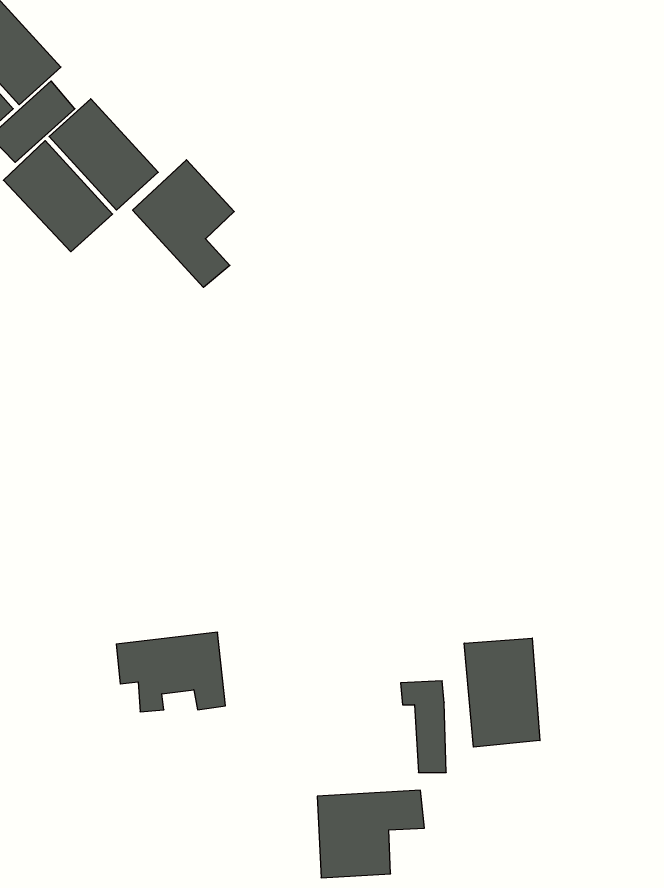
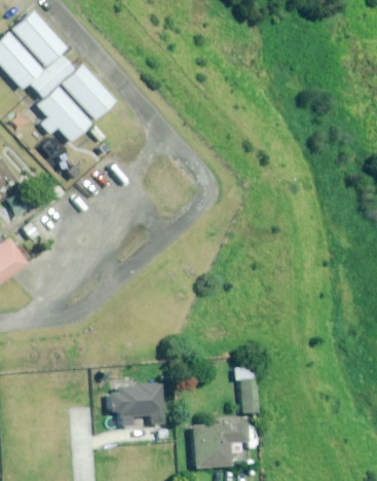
building: [133,160,234,287] -> none
building: [116,632,225,712] -> [112,383,168,424]
building: [464,638,540,747] -> none

